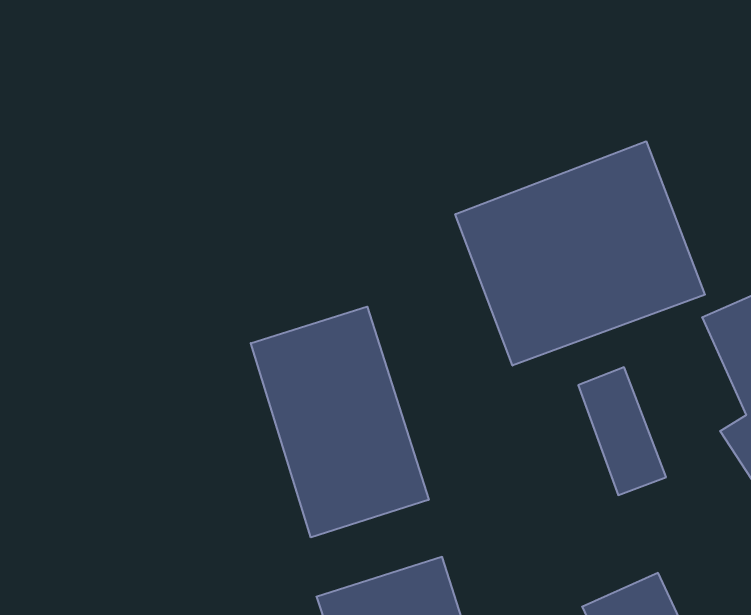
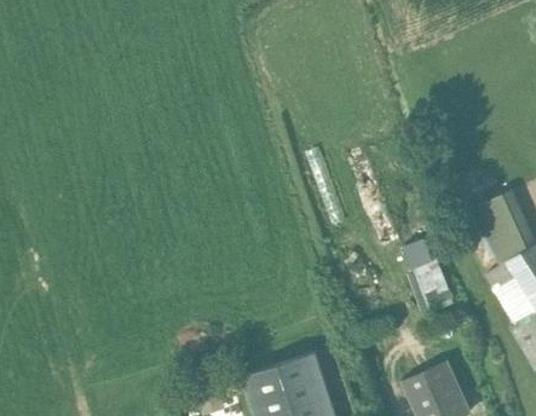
building: [455,141,705,366] -> none
building: [251,307,429,537] -> none

